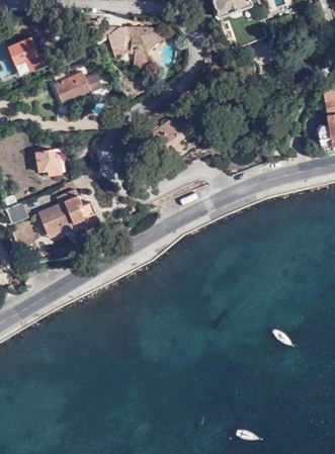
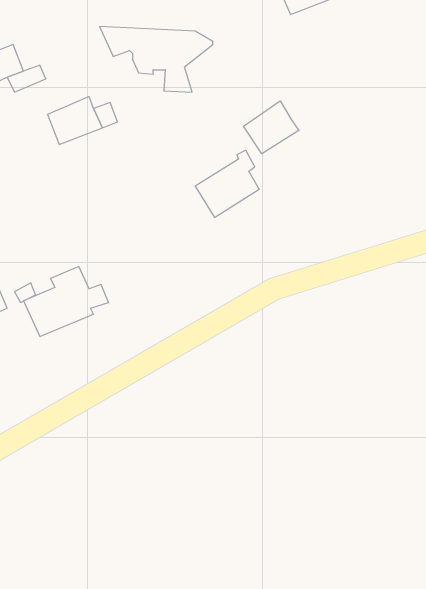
building: none -> [244,101,299,154]
building: [38,150,63,173] -> none

